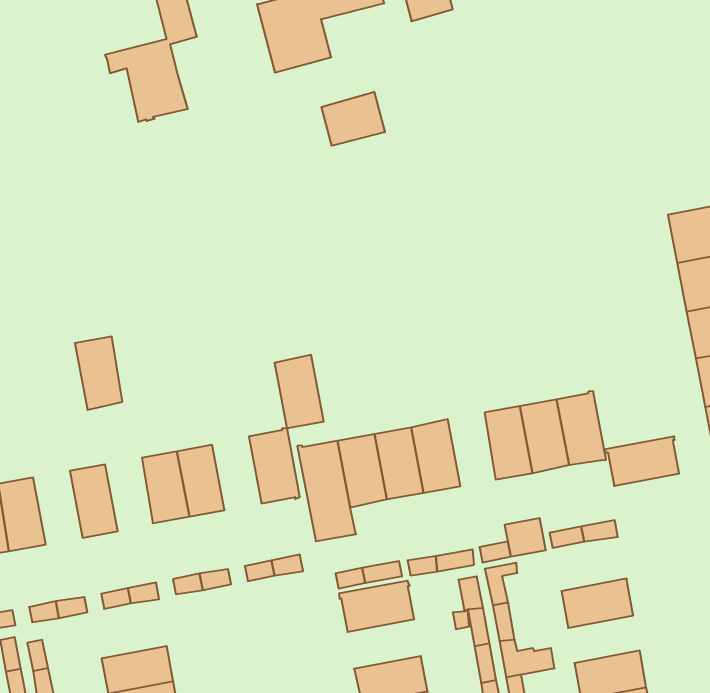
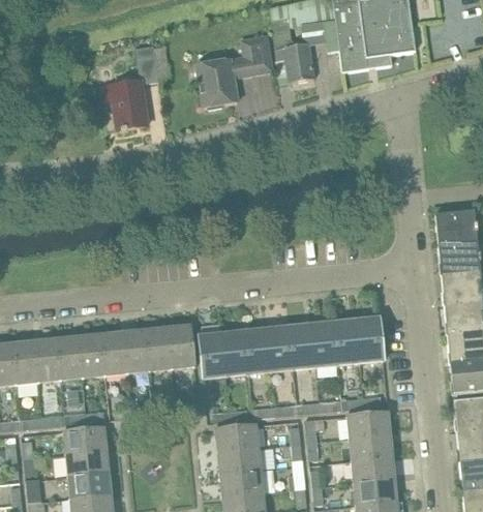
building: [322,92,385,146] -> none
building: [75,336,122,410] -> [79,334,104,378]
building: [274,355,324,428] -> [145,327,172,370]
building: none -> [290,325,315,368]
building: [604,436,679,486] -> [345,411,390,438]
building: none -> [34,338,61,382]
building: none -> [62,426,107,454]
building: none -> [352,456,394,482]
building: none -> [217,447,261,474]

